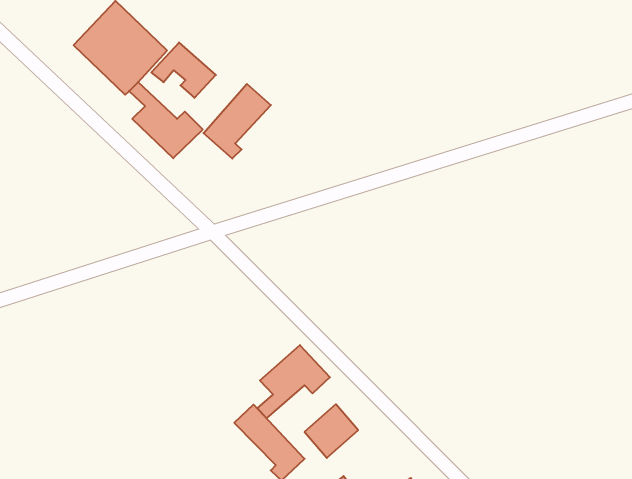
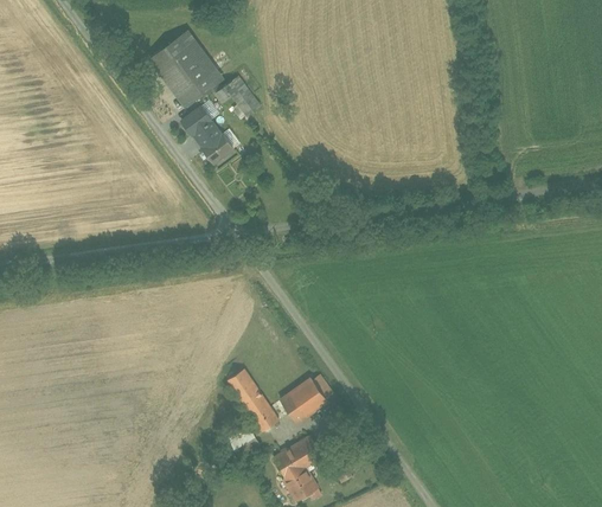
building: [203,84,271,159] -> none
building: [257,345,330,418] -> none

